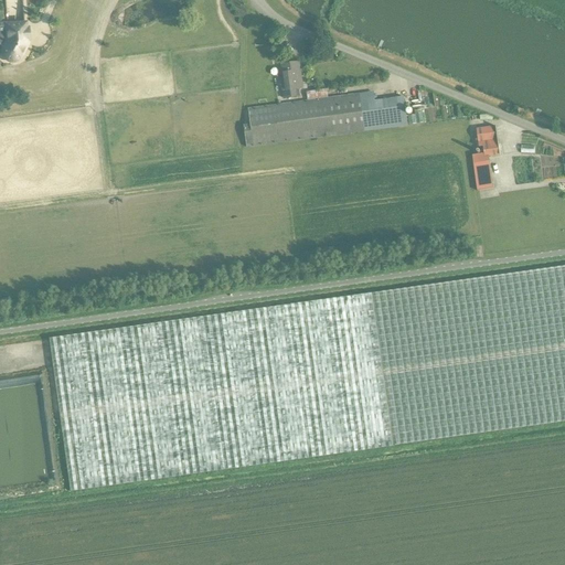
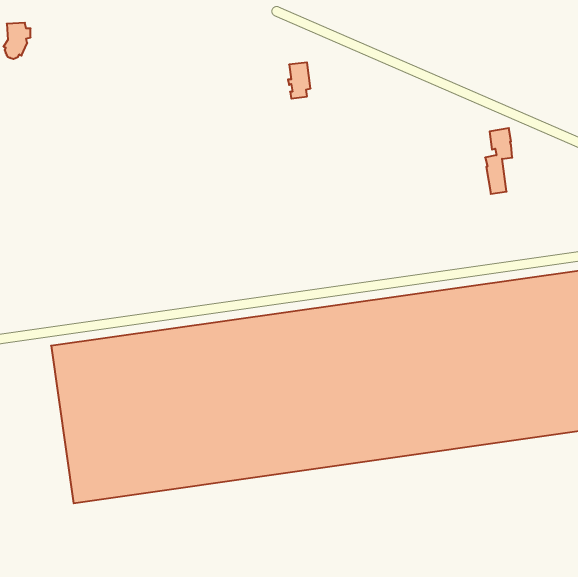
building: [245,87,408,146] -> none

